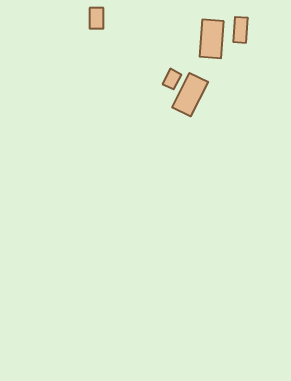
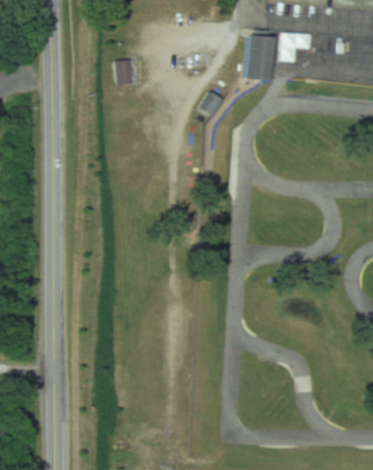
building: [90,8,103,29] -> [117,60,133,84]
building: [172,73,208,116] -> none

